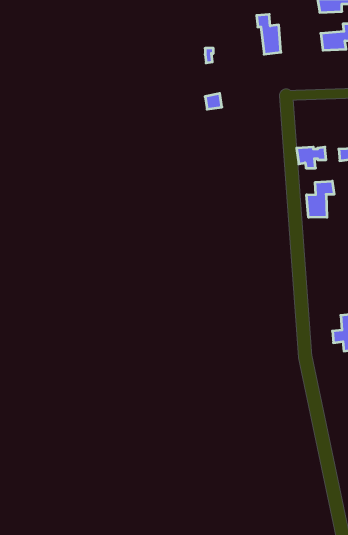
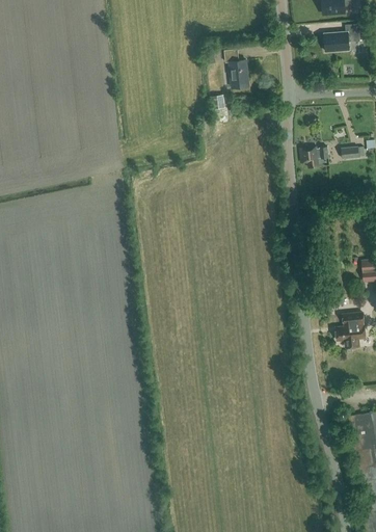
building: [257,14,281,54] -> [223,48,247,87]
building: [307,181,334,217] -> none

